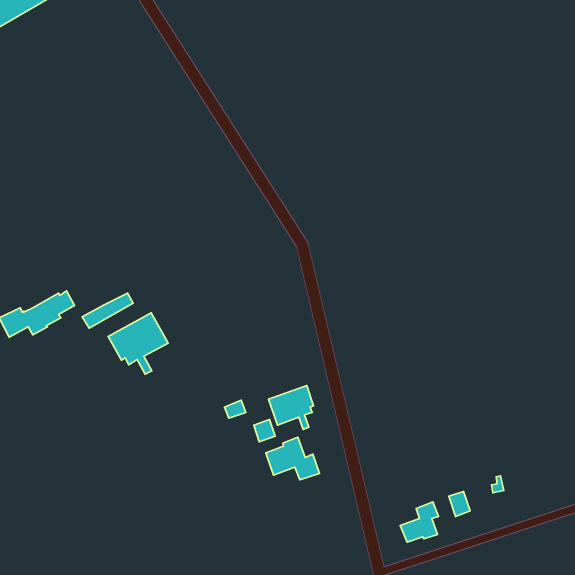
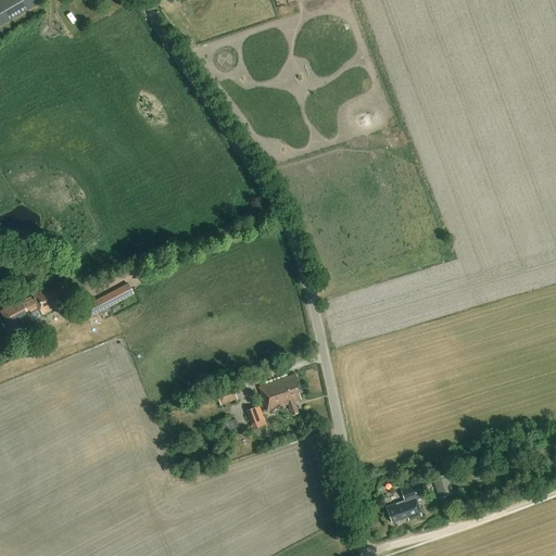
building: [108,313,168,374] -> none
building: [266,437,319,480] -> none

